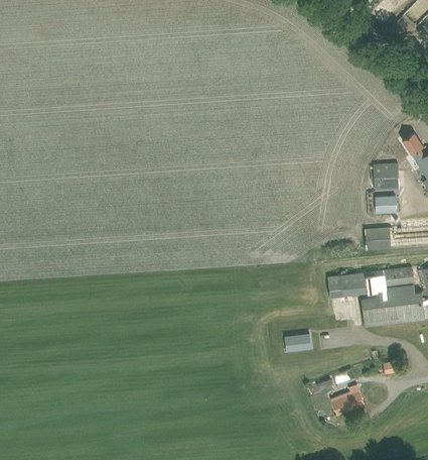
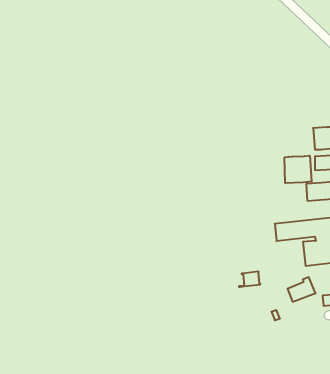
building: none -> [285,156,312,183]
building: [330,384,364,414] -> [287,277,316,302]

